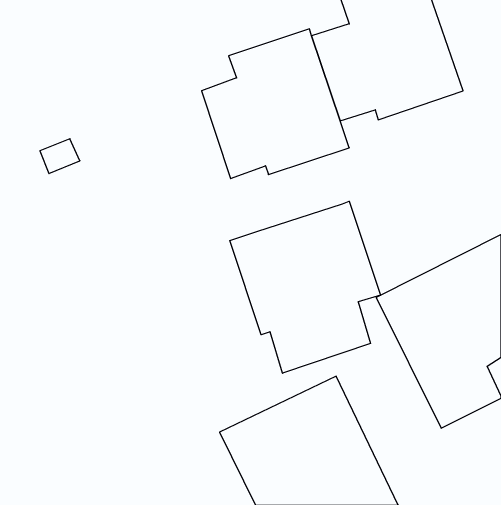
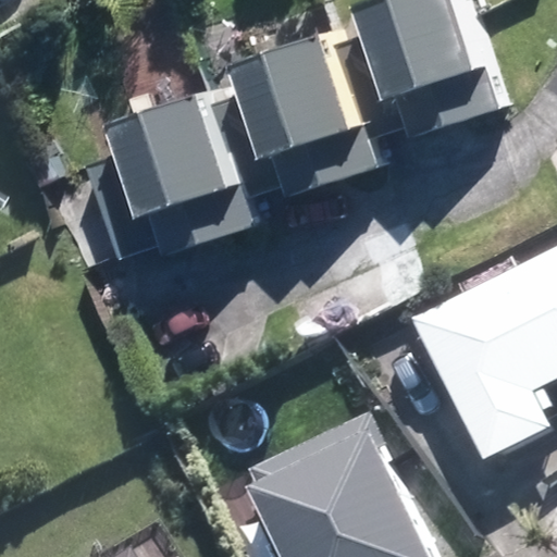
building: none -> [92,86,261,257]
building: [230,201,381,373] -> none

